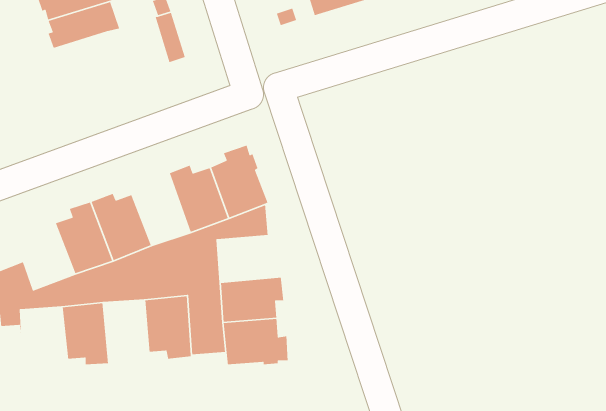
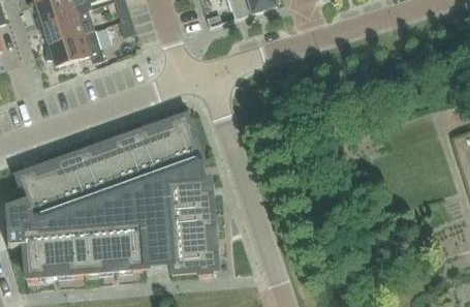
building: none -> [46,29,104,65]
building: none -> [103,133,146,186]
building: none -> [17,167,62,218]
building: none -> [165,179,212,213]
building: none -> [83,225,116,272]
building: none -> [23,231,57,277]

